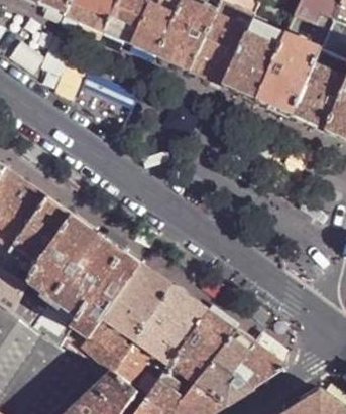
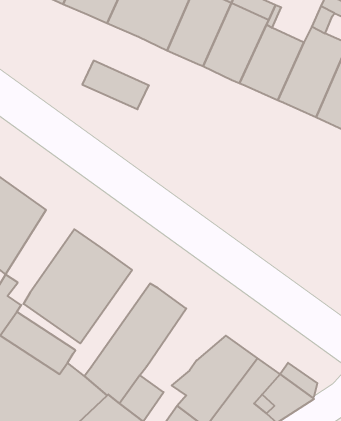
building: [12,198,74,272] -> none
building: [73,252,141,338] -> none
building: [138,286,209,355] -> none

